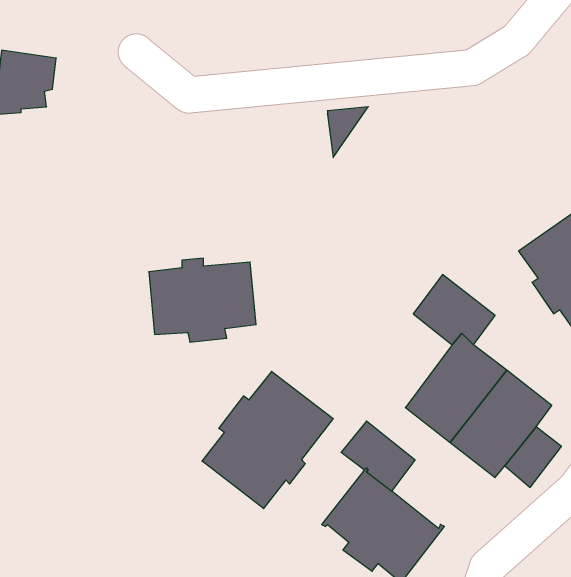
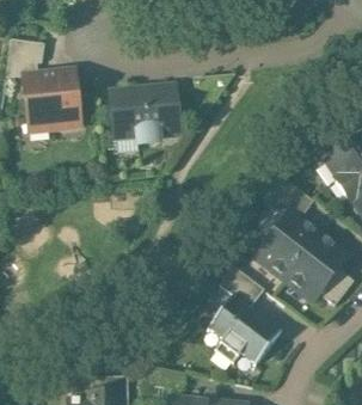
building: none -> [22,73,79,130]
building: [149,258,256,342] -> [111,88,177,140]
building: [202,371,333,509] -> none

